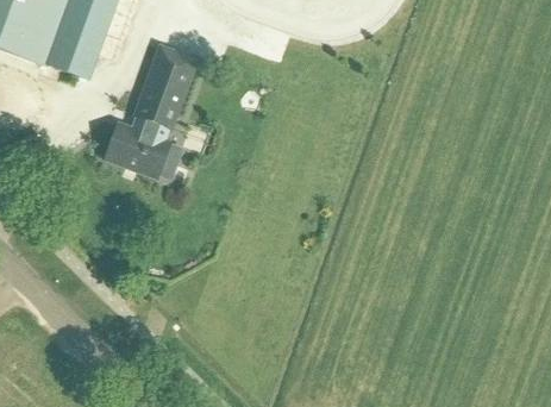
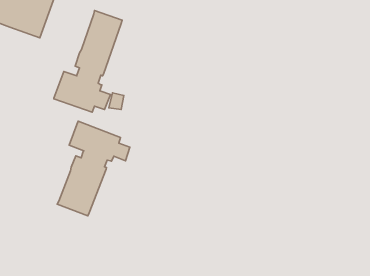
building: none -> [57,121,130,216]

